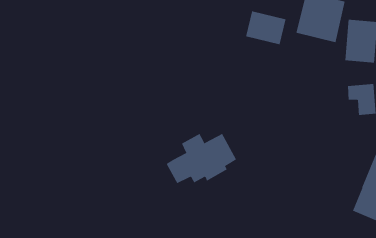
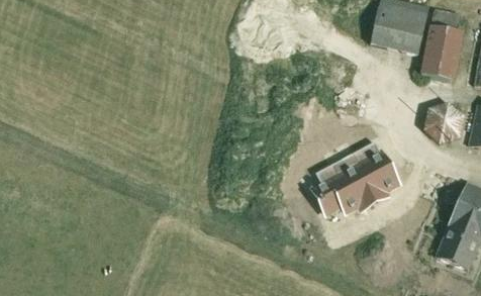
building: [245,11,286,45] -> none
building: [166,133,237,184] -> [312,153,397,213]

